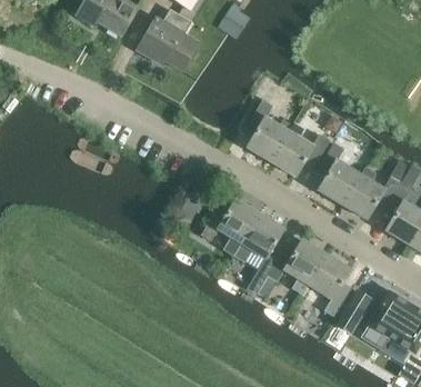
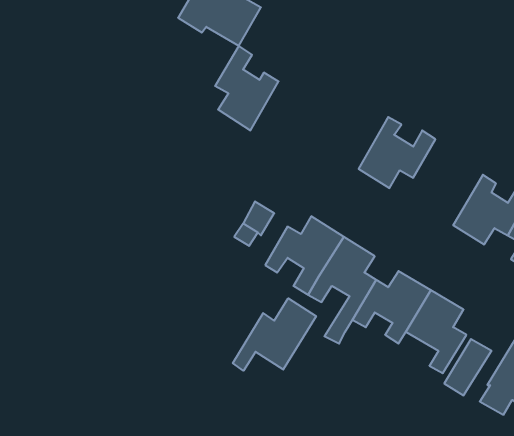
building: [245,99,293,162] -> [215,46,279,130]
building: [317,142,361,205] -> none
building: none -> [233,298,316,371]

